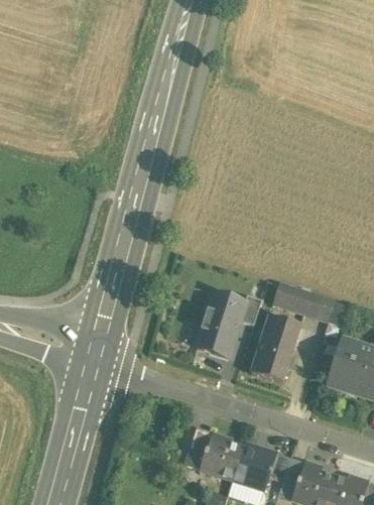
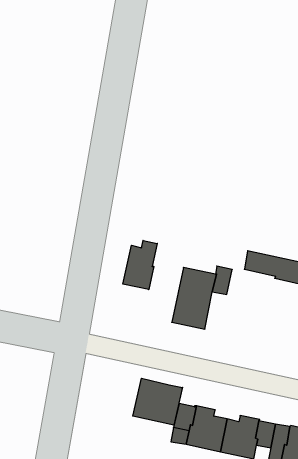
building: none -> [123,240,157,290]
building: [251,315,300,383] -> none
building: none -> [133,378,183,425]

